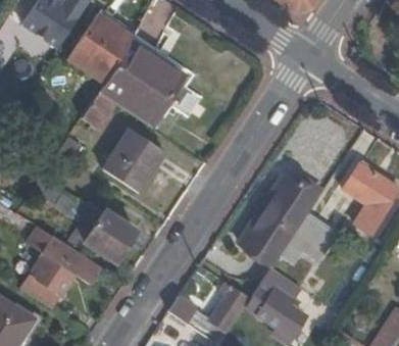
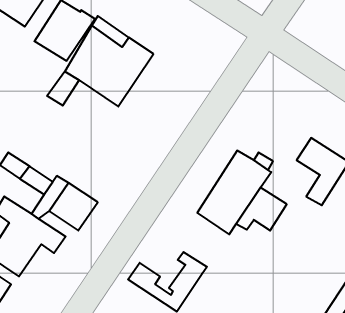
building: [103,130,164,192] -> none
building: [244,268,303,341] -> none

